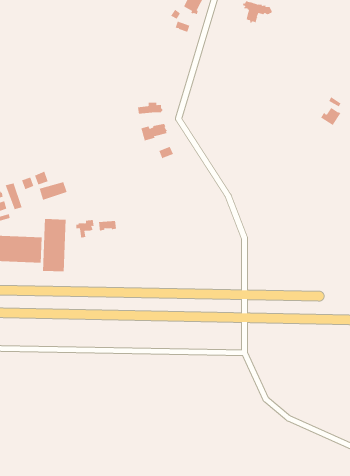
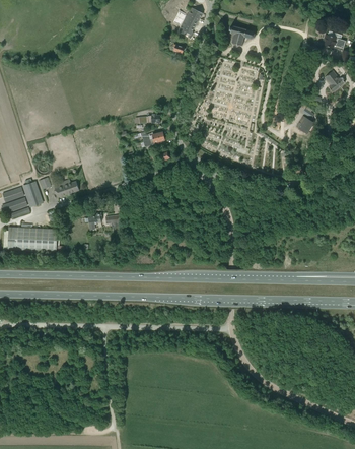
building: [42,218,66,272] -> none

